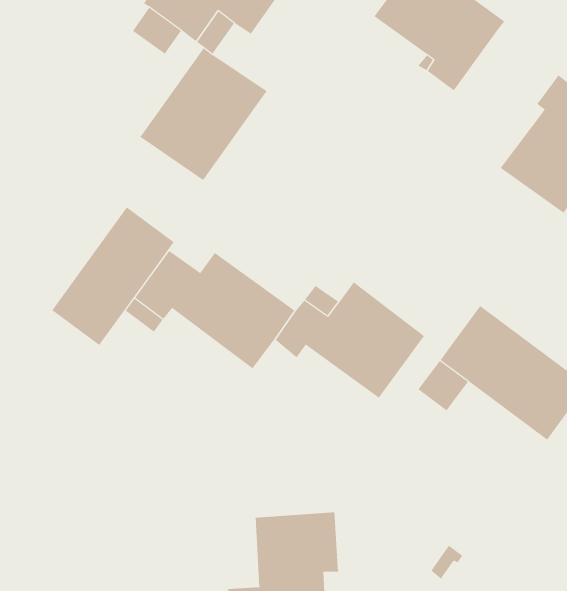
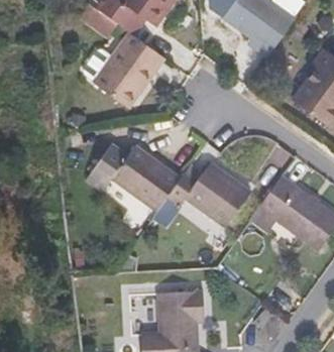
building: [51,207,175,346] -> none

